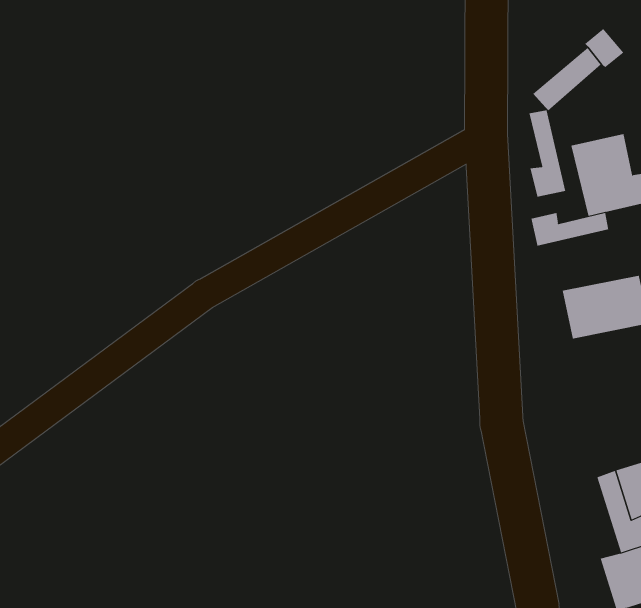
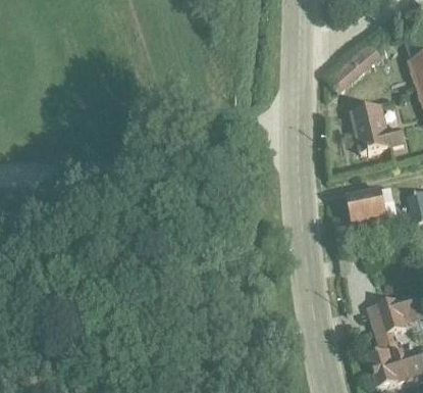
building: [529,109,566,198] -> none
building: [531,212,609,246] -> none

